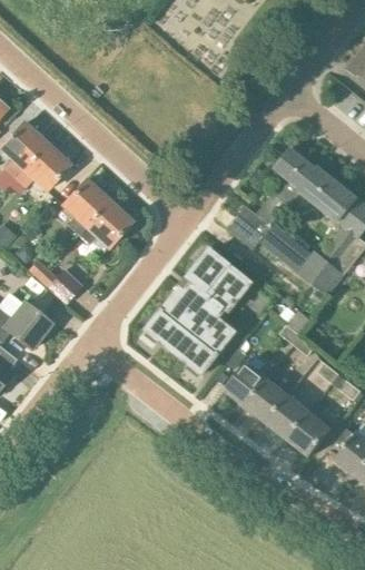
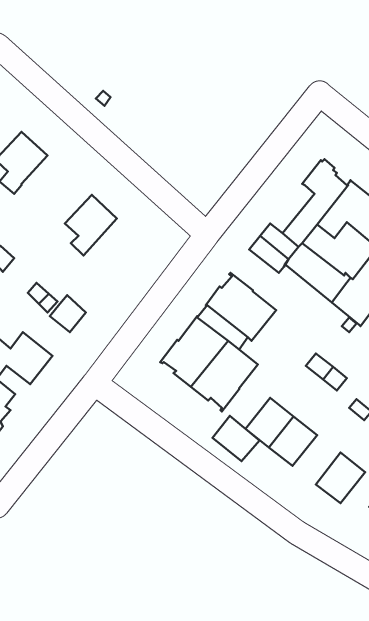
building: [16,144,70,191] -> none
building: [78,200,132,248] -> none
building: none -> [212,416,259,461]
building: [266,395,309,440] -> none

